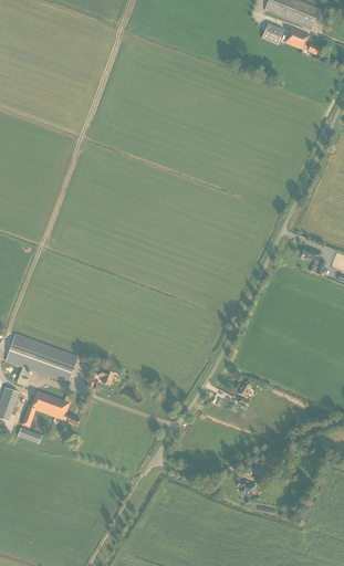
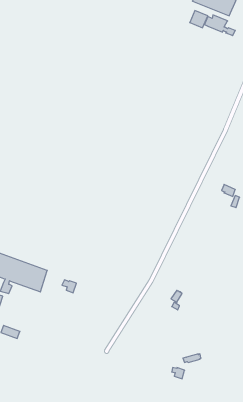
building: [21,389,79,426] -> none

